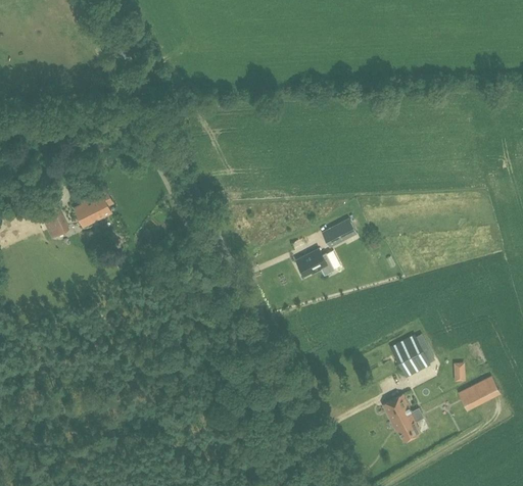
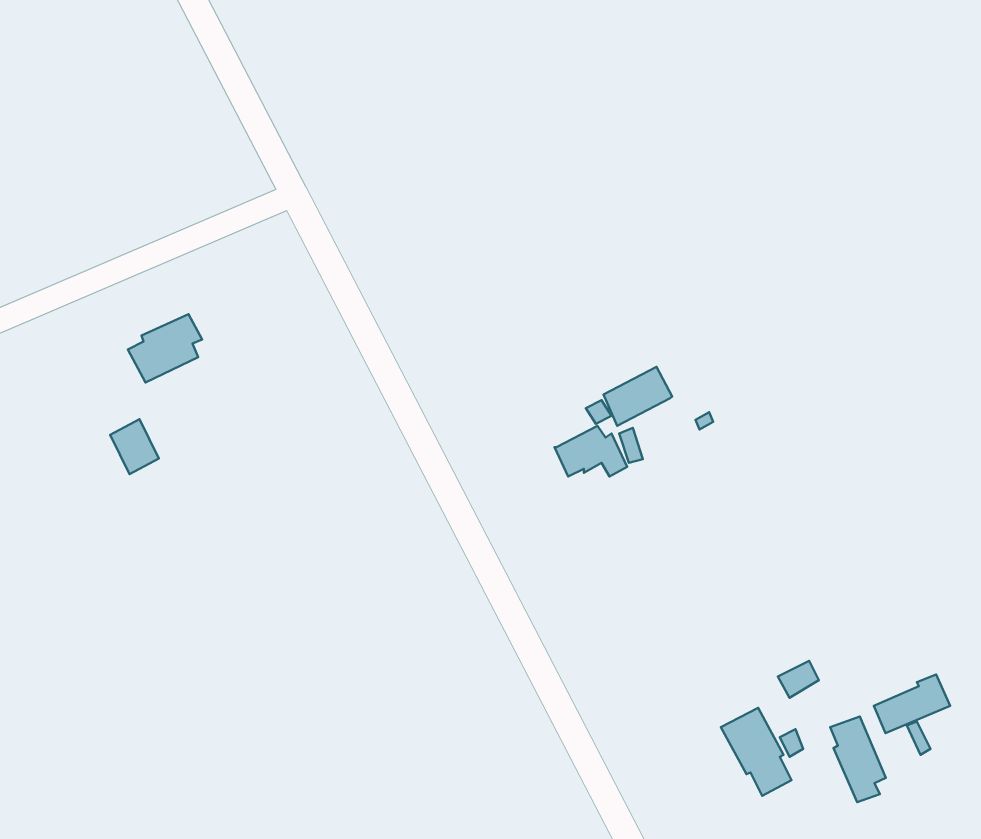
building: [41,209,66,238] -> [110,419,159,474]
building: [389,335,429,377] -> none
building: none -> [830,716,886,802]

